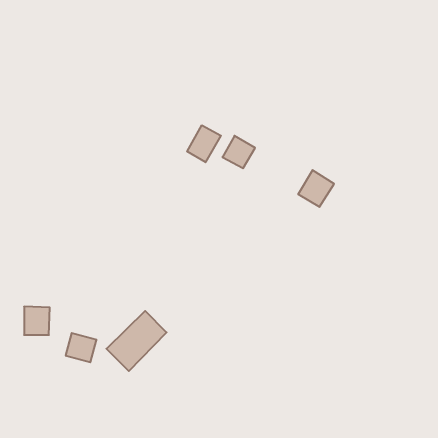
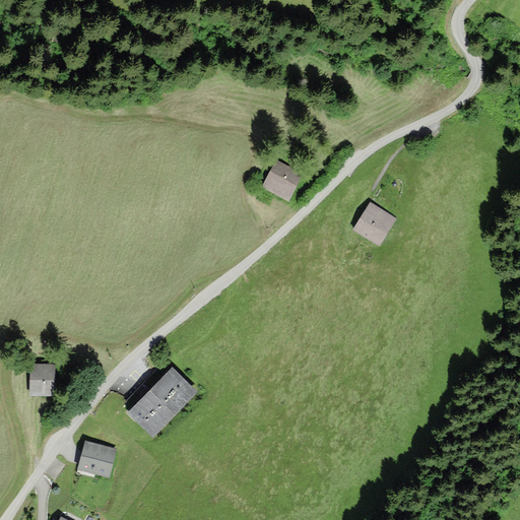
building: [187,125,221,162] -> none
building: [66,333,97,362] -> [78,442,115,476]

